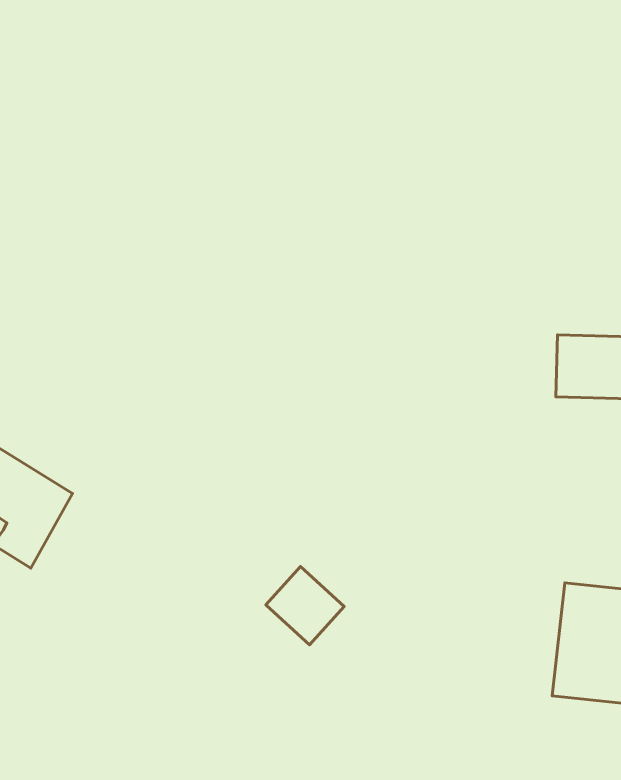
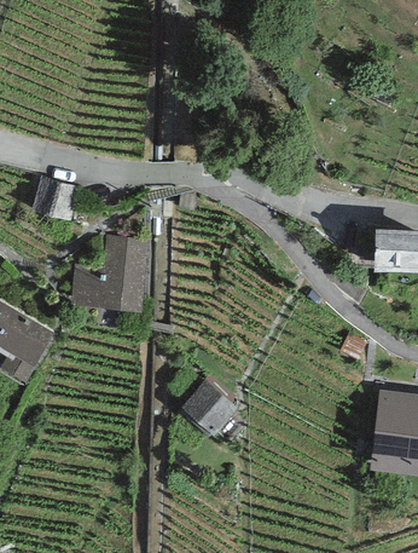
building: none -> [30,177,77,219]
building: none -> [71,235,143,307]

